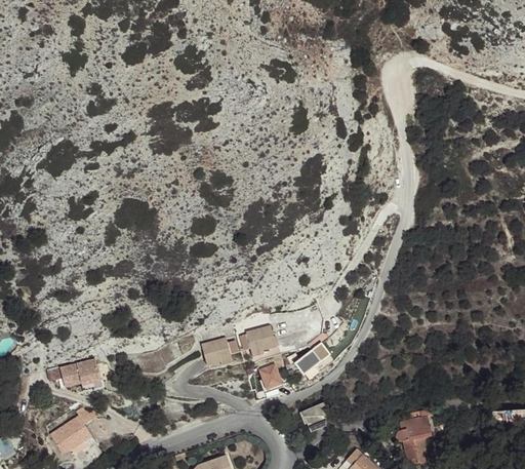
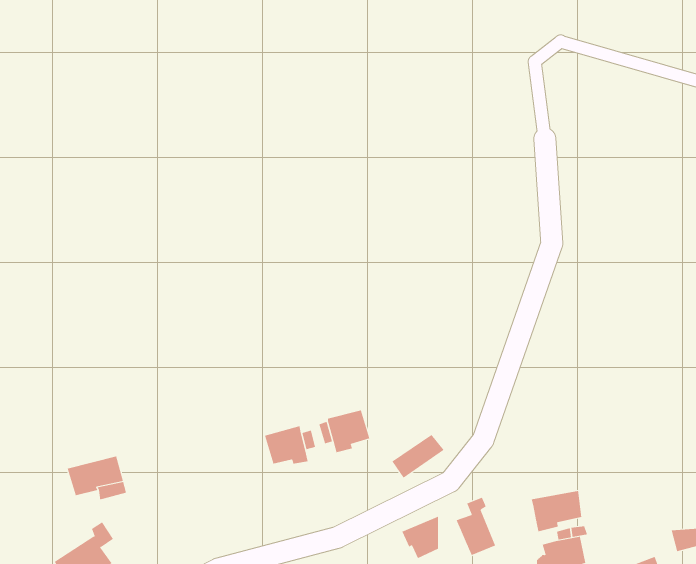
building: [257,362,283,391] -> none
building: none -> [531,490,582,532]
building: none -> [456,497,496,556]

